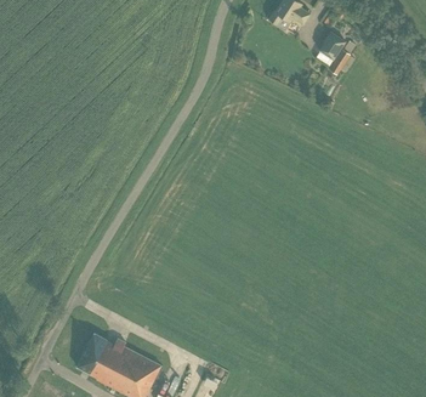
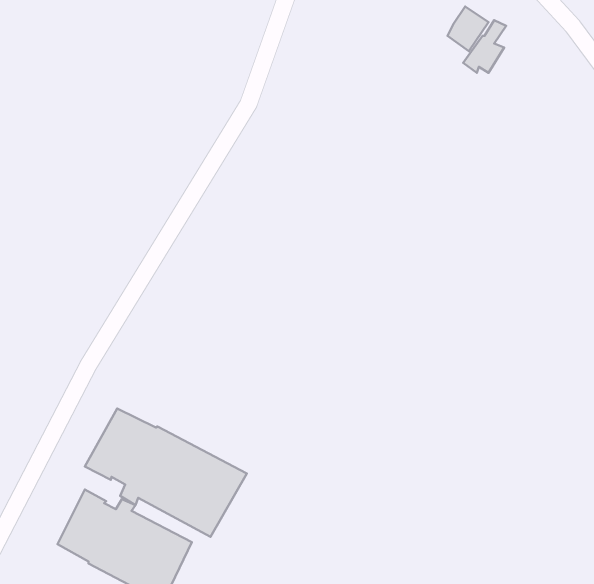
building: none -> [85,408,247,537]

